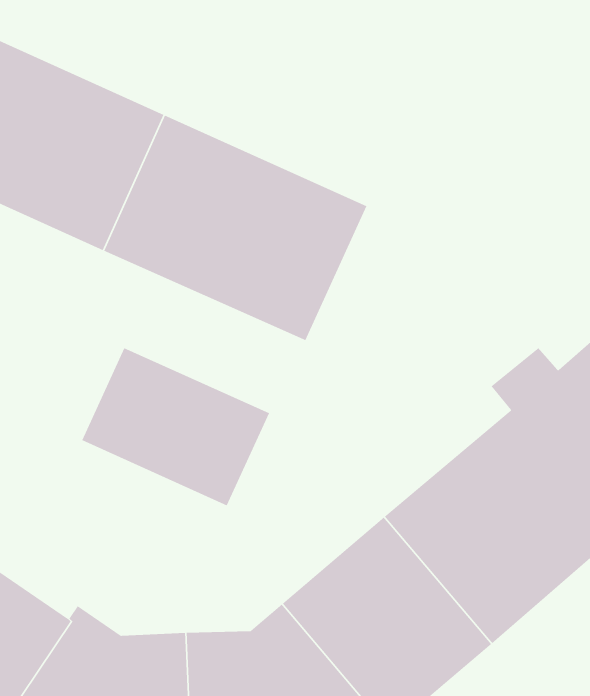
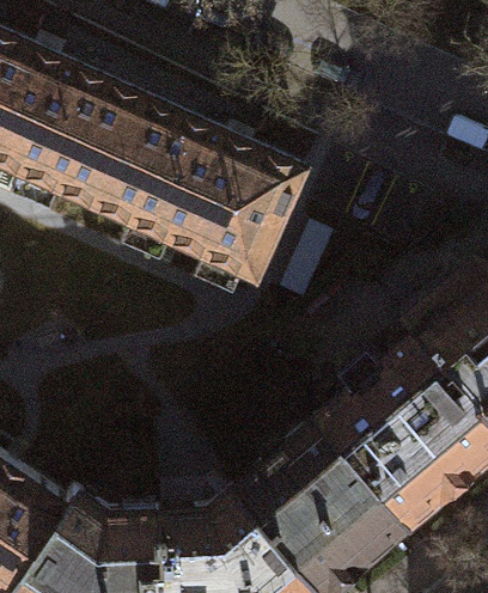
building: [81,347,270,507] -> none

